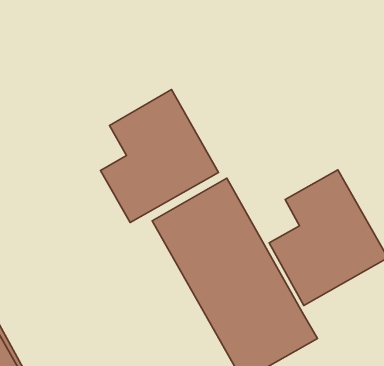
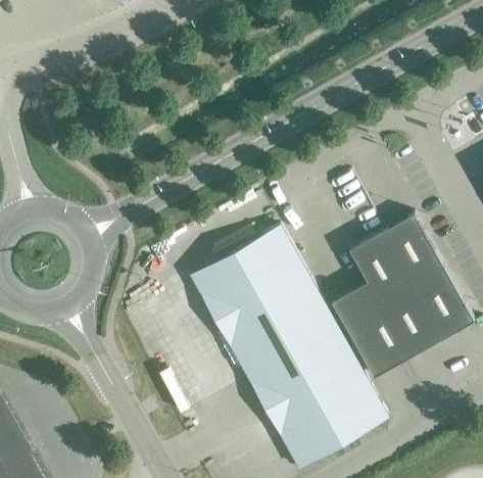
building: [101,90,219,223] -> none

